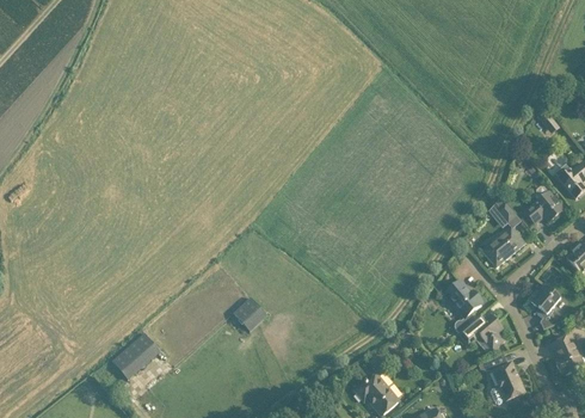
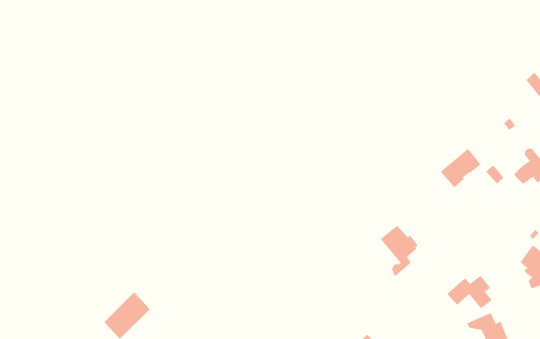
building: [481,226,523,266] -> [440,148,481,188]
building: [442,279,481,333] -> [380,225,418,278]
building: [228,296,263,331] -> none

